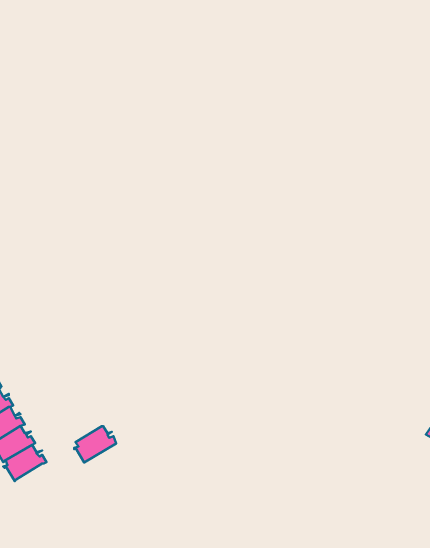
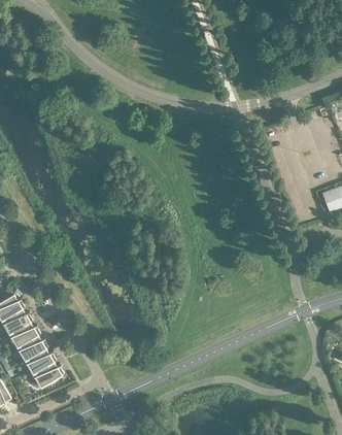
building: [74,426,116,462] -> [32,361,62,387]

